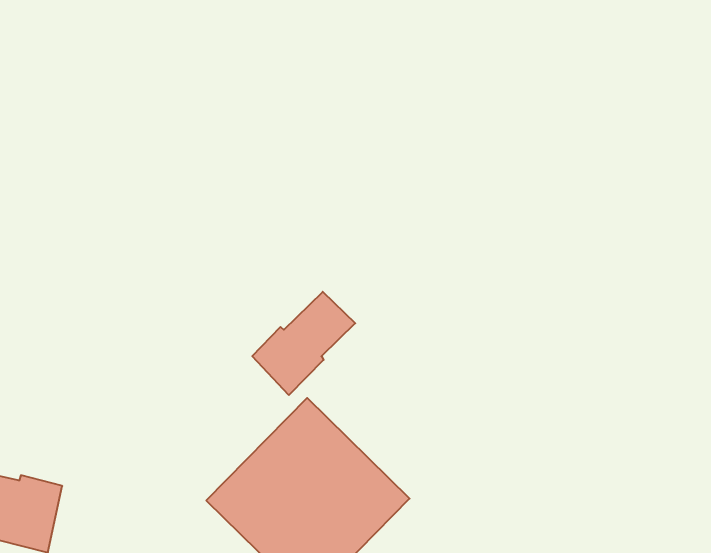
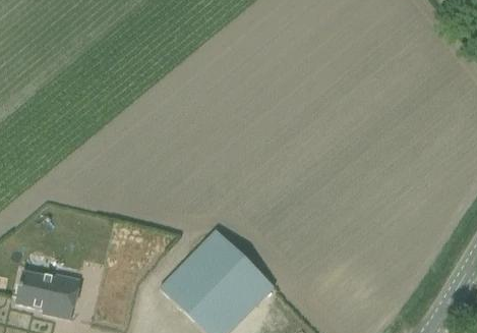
building: [252,292,355,395] -> none

